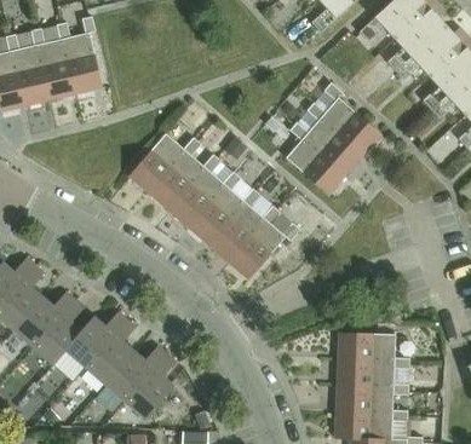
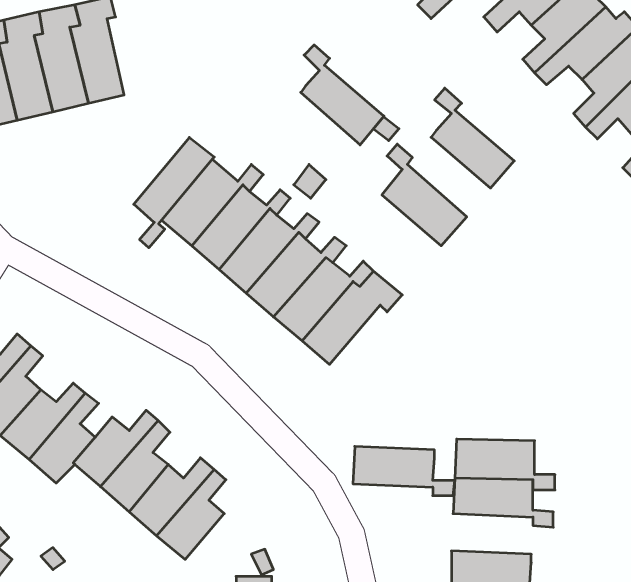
building: [304,102,363,173] -> [301,45,384,145]
building: none -> [134,137,214,248]
building: [335,385,408,420] -> [353,446,455,496]

